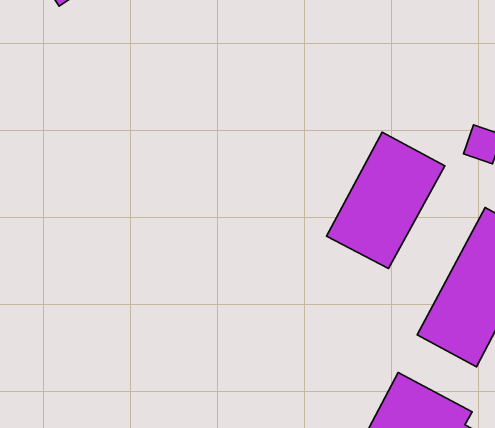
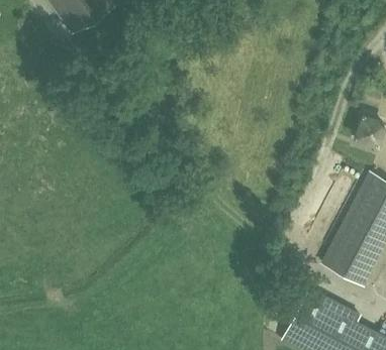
building: [327,132,445,268] -> none

